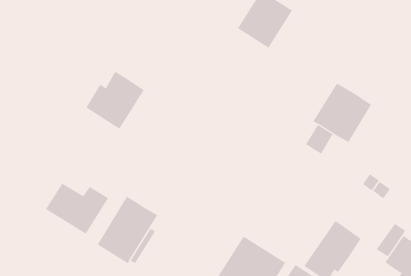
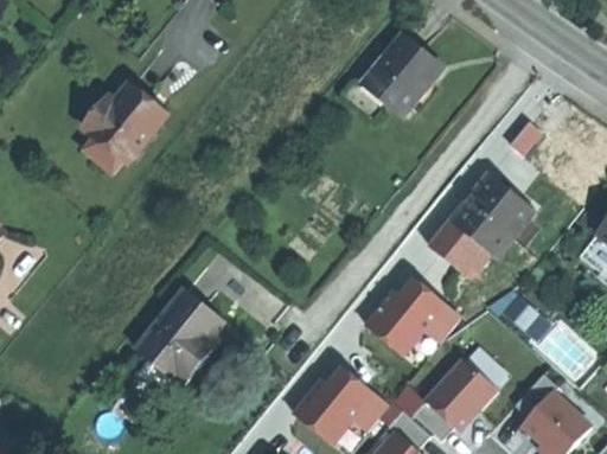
building: [85,71,145,130] -> [84,81,167,160]
building: none -> [365,274,462,358]
building: [45,183,109,234] -> none

